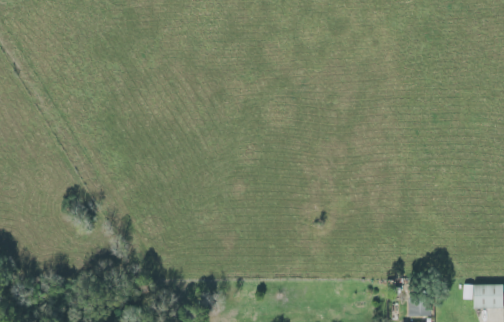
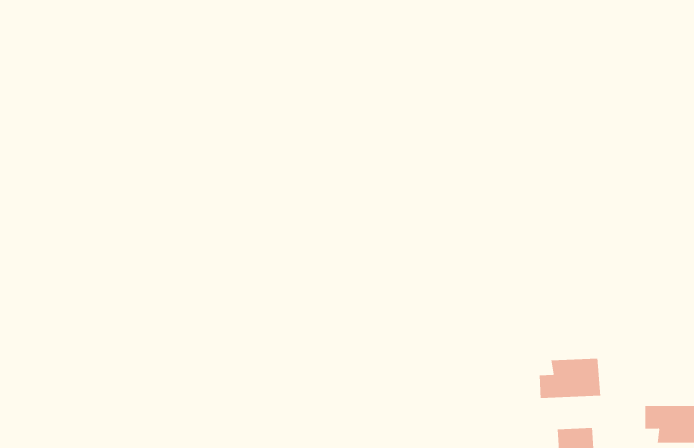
building: none -> [539,358,601,399]

